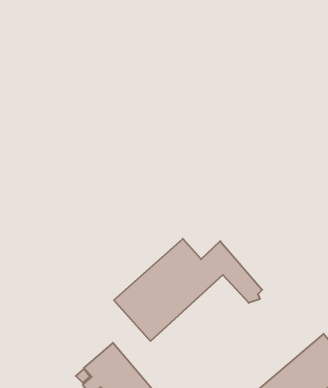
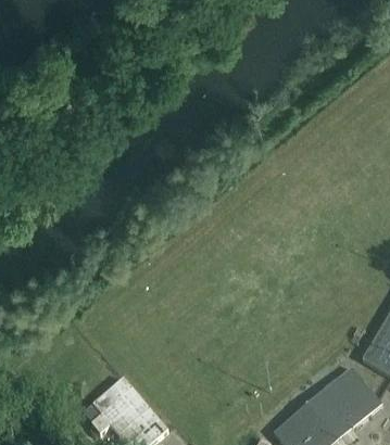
building: [114,239,262,341] -> none

